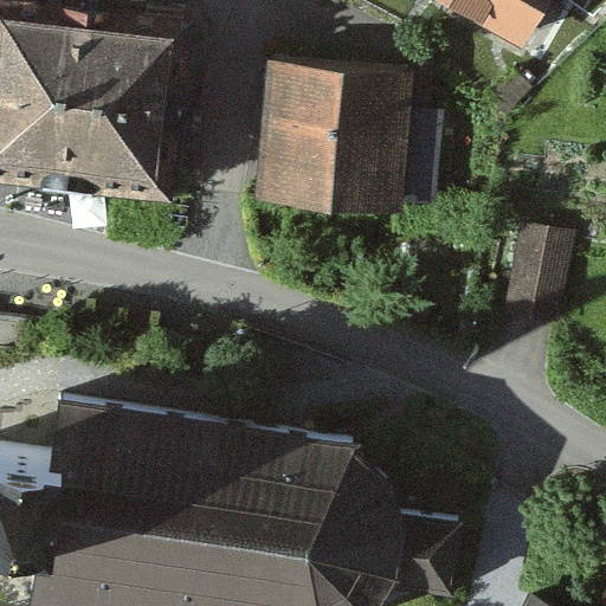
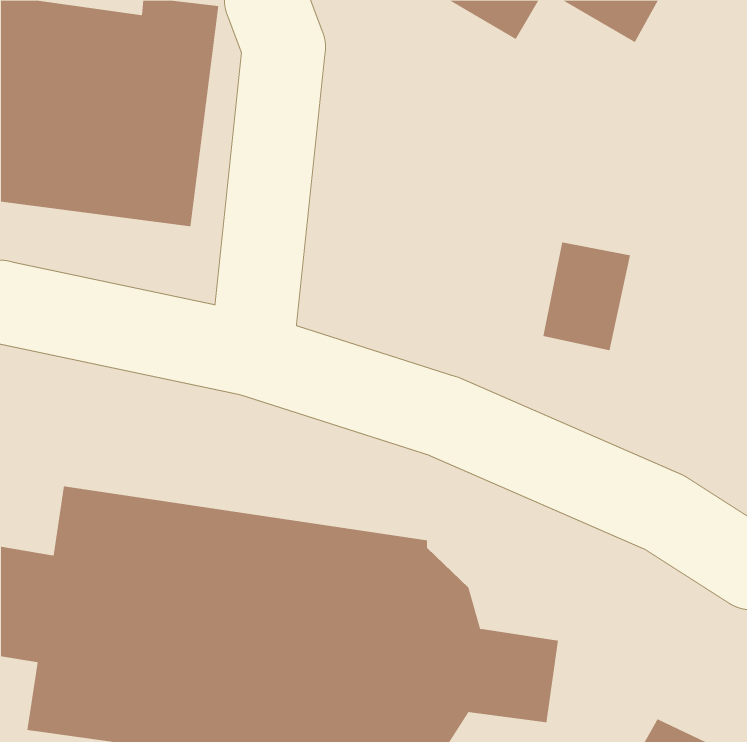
building: [256,63,434,205] -> none
building: [507,230,578,317] -> [543,242,631,351]

